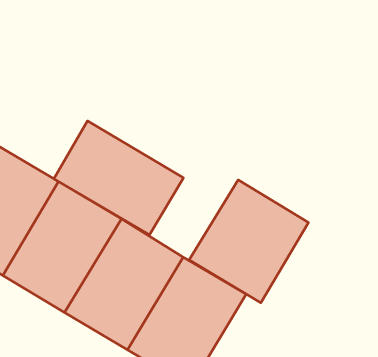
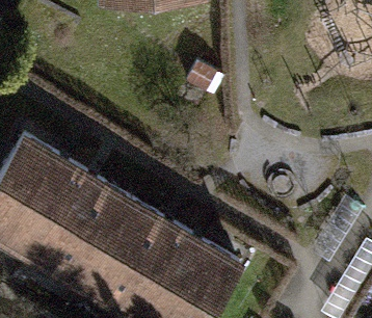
building: [54,121,184,235] -> none
building: [189,180,308,303] -> none

